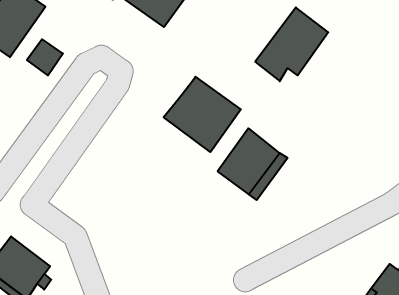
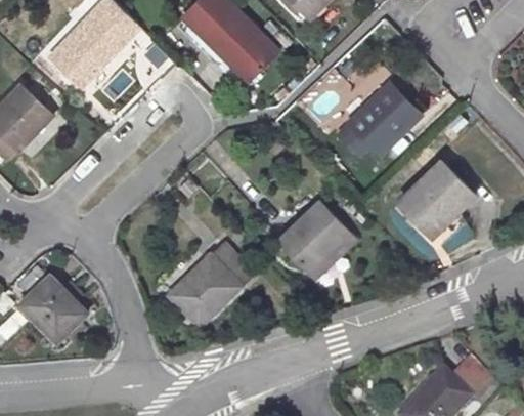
building: none -> [398,161,474,237]
building: [164,77,241,152] -> none
building: none -> [170,243,252,325]

